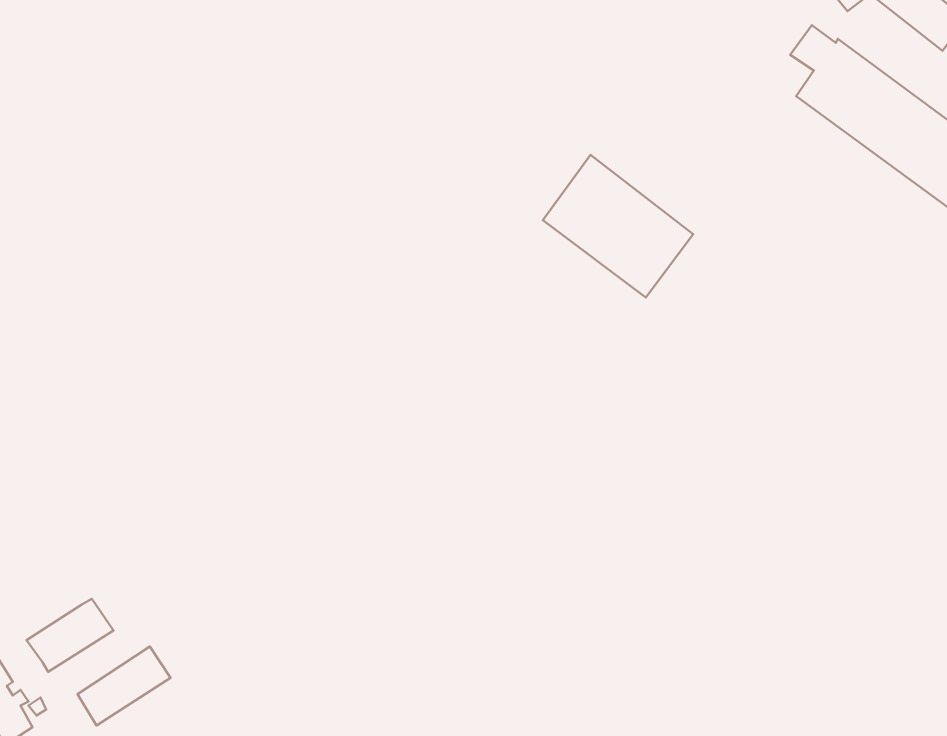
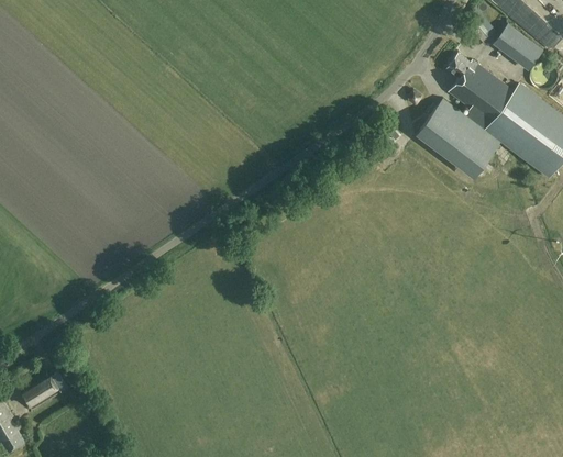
building: [543,155,693,297] -> [417,99,500,178]
building: [77,646,171,726] -> none

